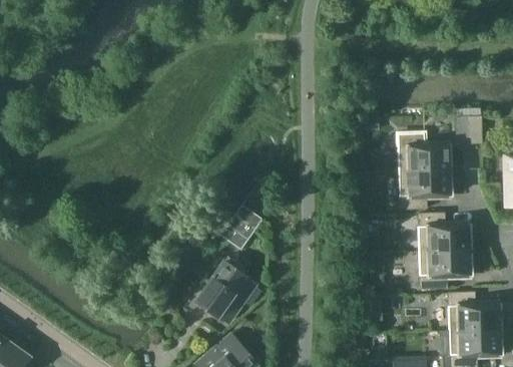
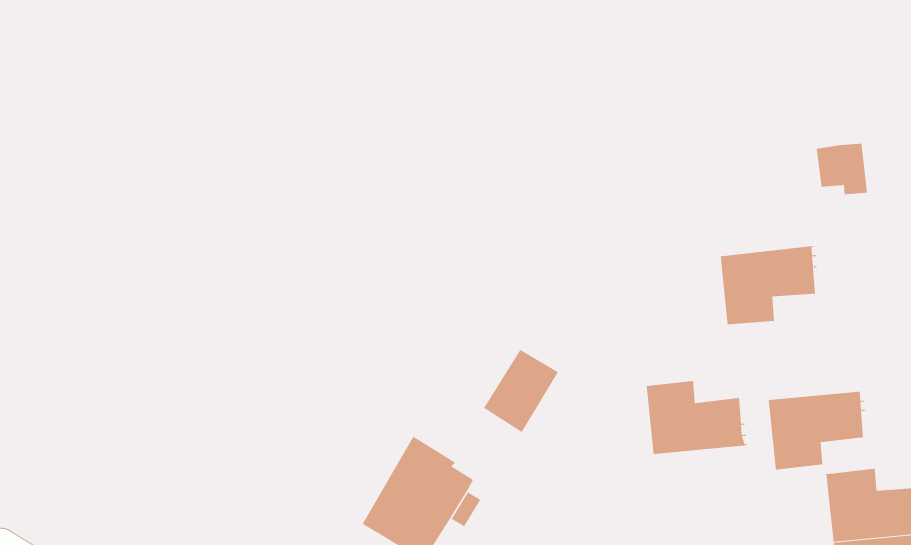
building: [398,133,450,172] -> none
building: [219,206,262,251] -> [483,349,559,433]
building: [418,214,470,252] -> [646,380,747,454]

